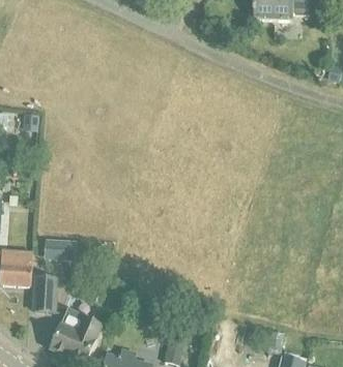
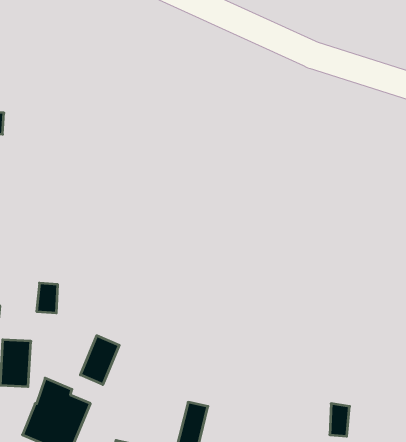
building: none -> [80,336,119,385]

